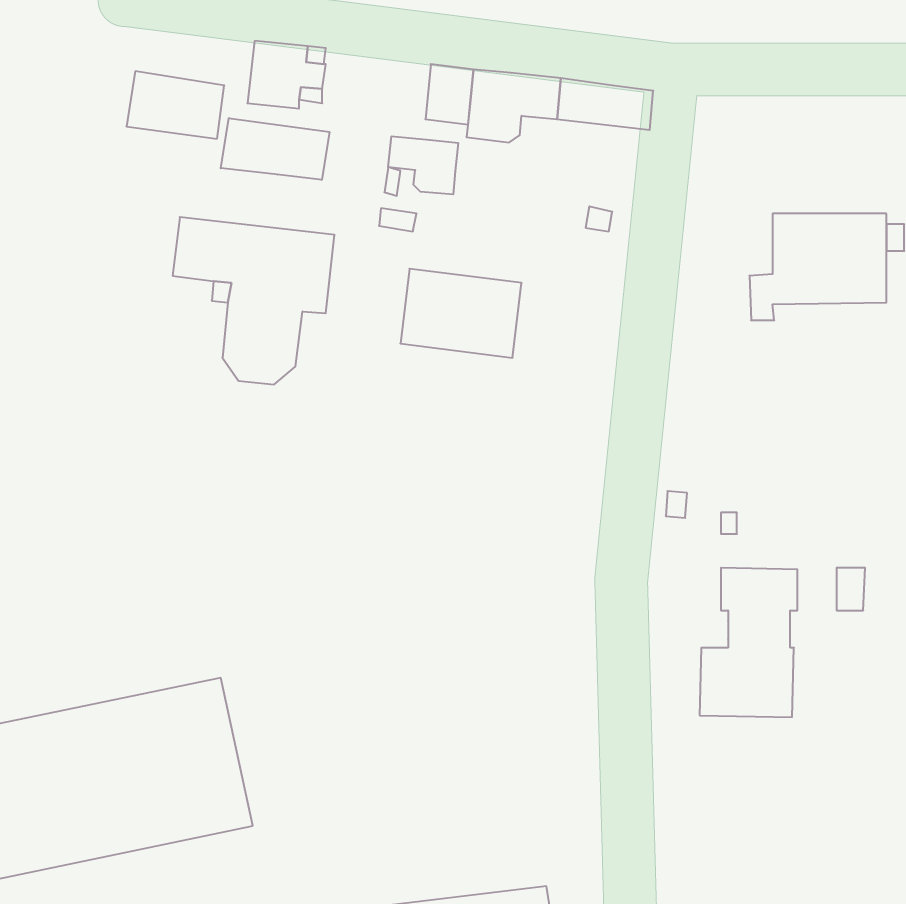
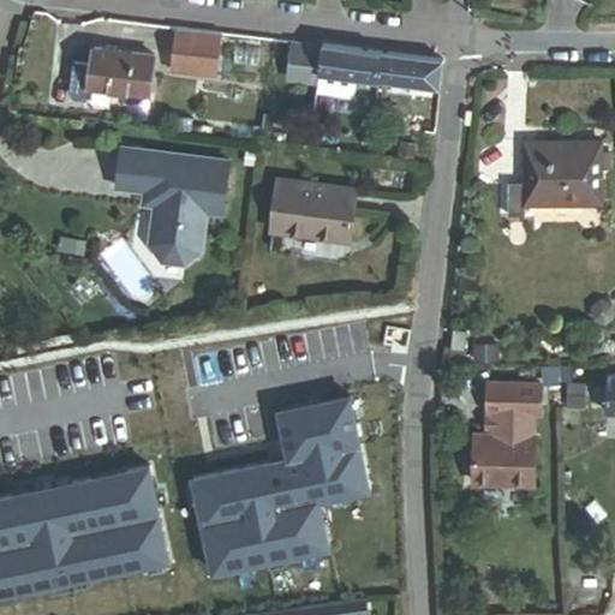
building: [221,118,329,180] -> none
building: [388,136,458,194] -> none
building: none -> [190,386,370,571]

